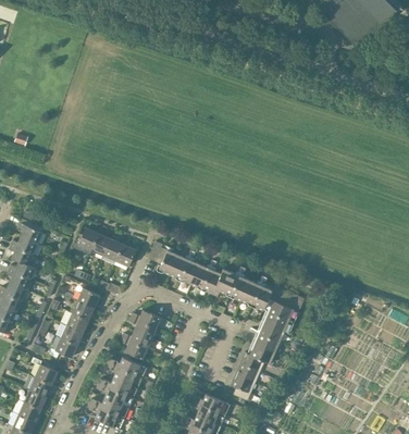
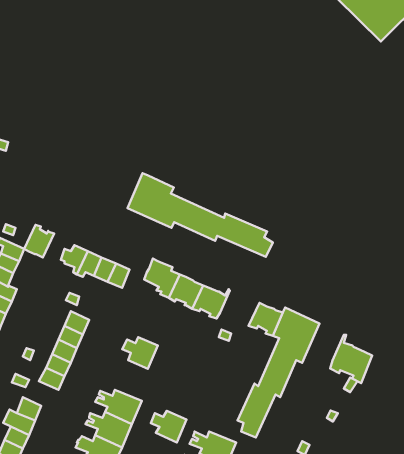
building: none -> [128,173,273,257]
building: none -> [24,225,54,258]
building: [216,268,249,300] -> none
building: none -> [330,335,372,383]
building: [120,331,151,359] -> [151,411,187,443]

